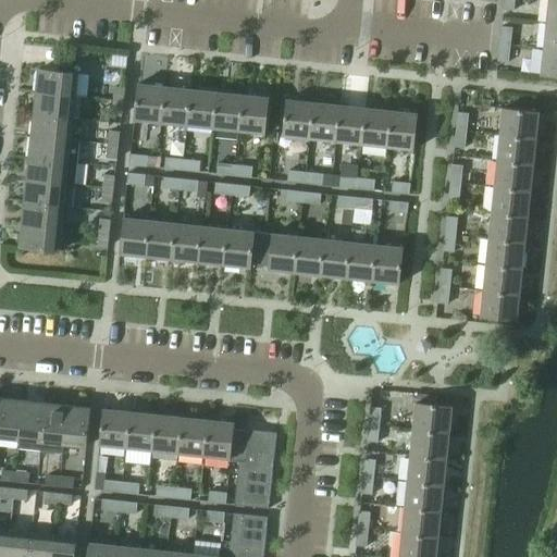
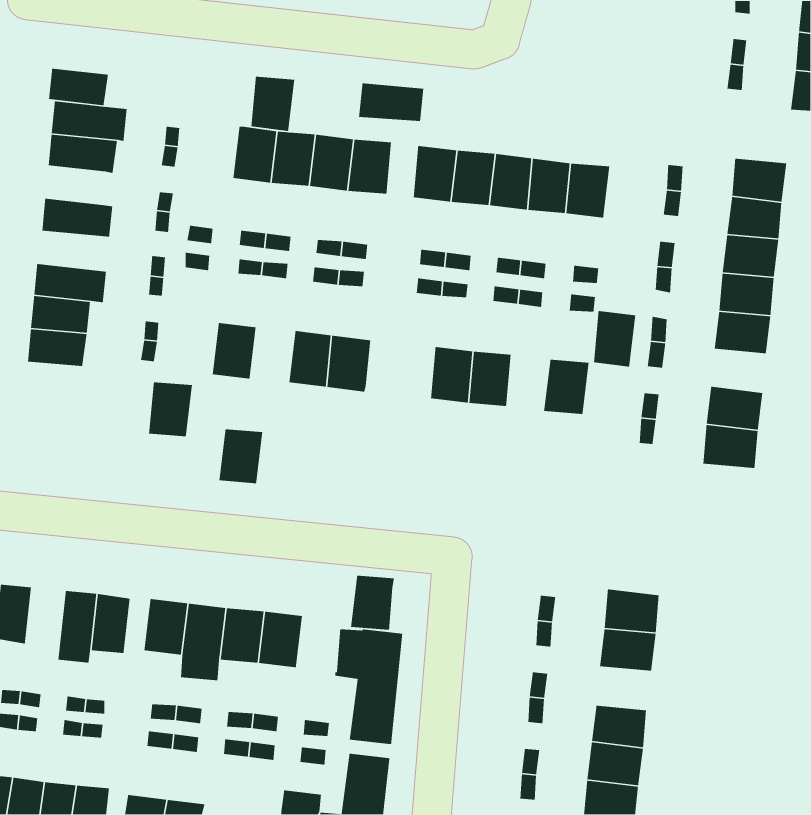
building: none -> [358,82,424,122]
building: [133,84,163,122] -> [251,76,295,132]
building: [30,113,72,139] -> [48,68,109,106]
building: [25,158,75,185] -> none
building: [119,218,149,256] -> [148,381,193,437]
building: [171,223,201,261] -> [218,428,263,484]
building: [250,232,297,272] -> none
building: [485,238,523,268] -> none
building: [346,242,375,281] -> [593,310,636,367]
building: [17,400,45,450] -> none
building: [202,420,233,458] -> [350,575,395,631]
building: [407,455,445,484] -> none

